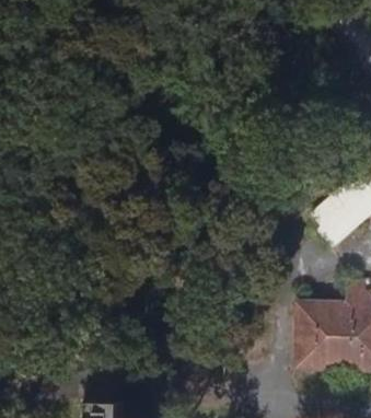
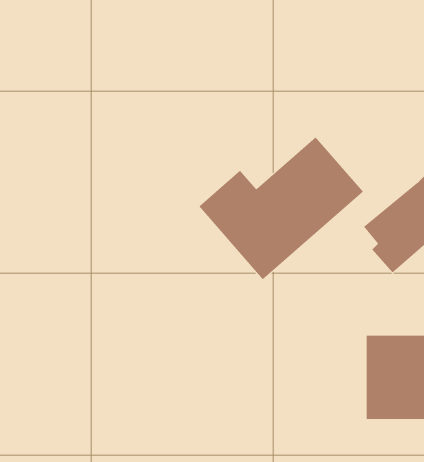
building: none -> [198,137,364,280]

